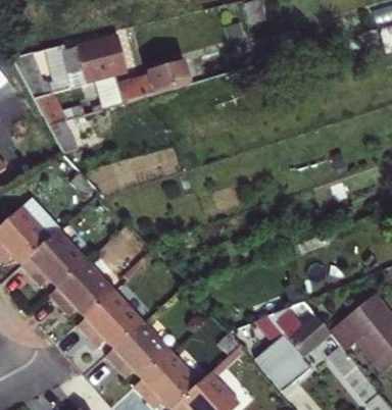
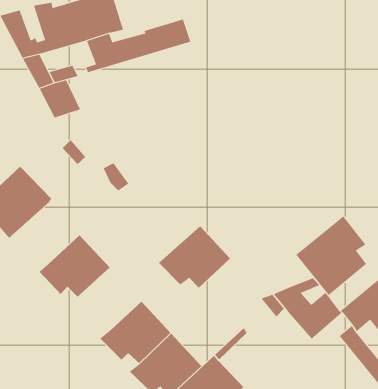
building: [21,230,87,288] -> none
building: none -> [296,215,367,296]
building: [77,291,144,349] -> [158,225,231,288]
building: [253,334,308,390] -> none

